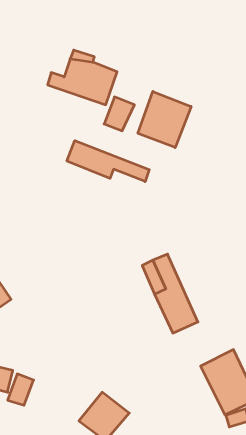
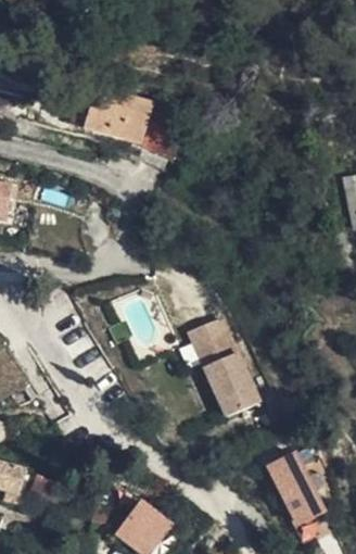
building: [138,91,191,148] -> none
building: [67,141,149,182] -> none

